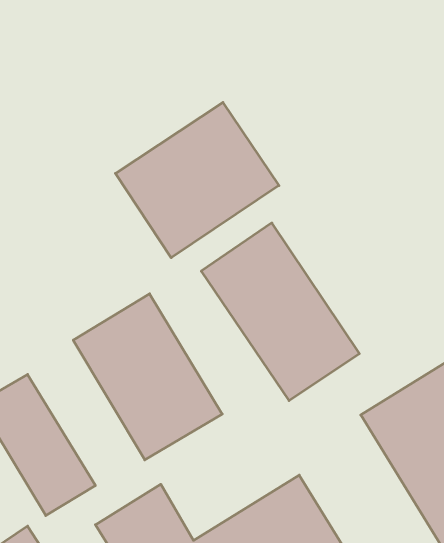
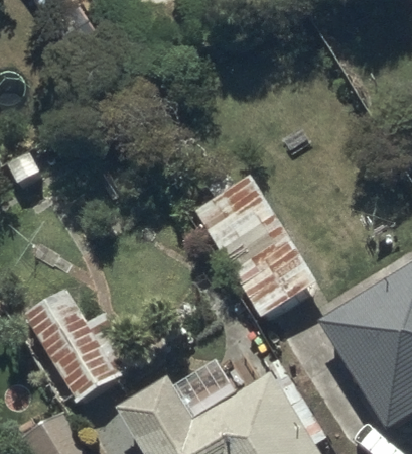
building: [115,102,279,258] -> none
building: [73,294,222,460] -> none

